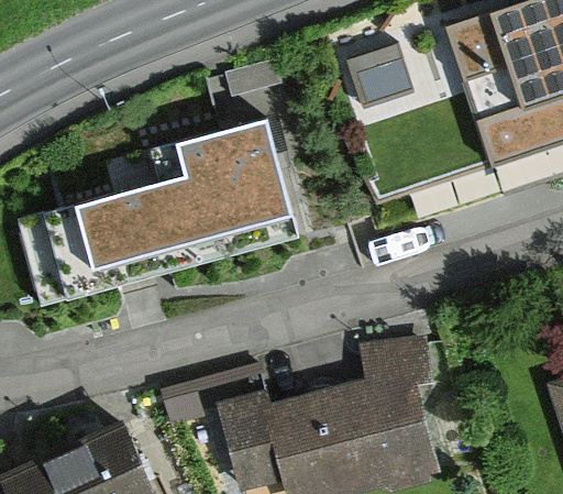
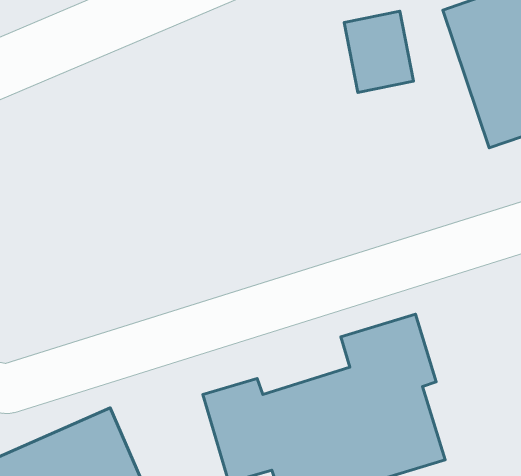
building: [70,125,288,273] -> none

